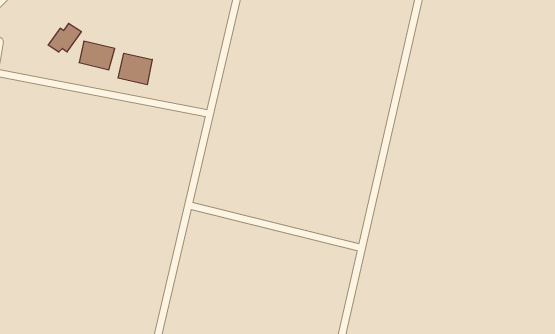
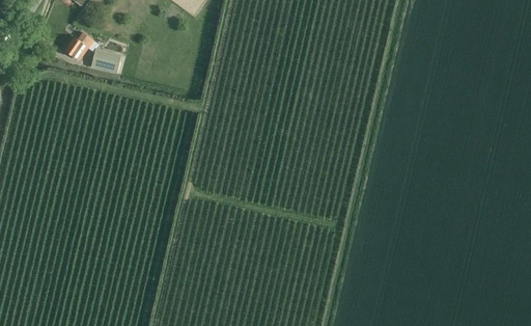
building: [118,53,152,85] -> none

